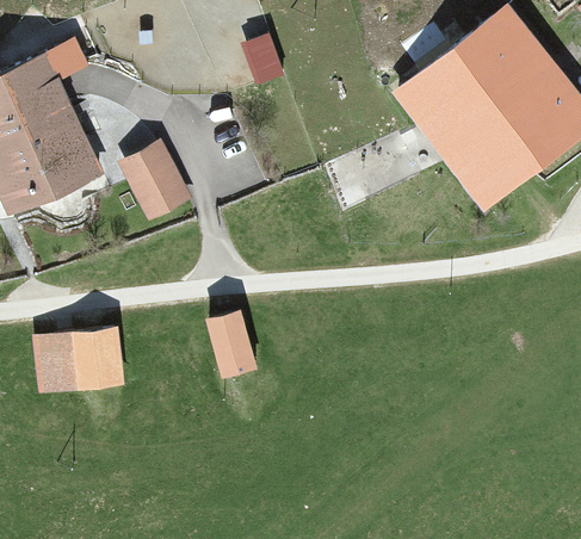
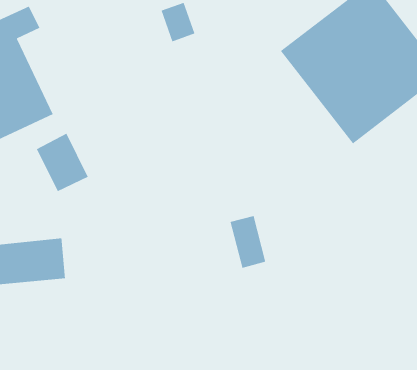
building: [118,143,185,218] -> [36,133,89,192]
building: [206,309,253,377] -> [229,215,266,269]

